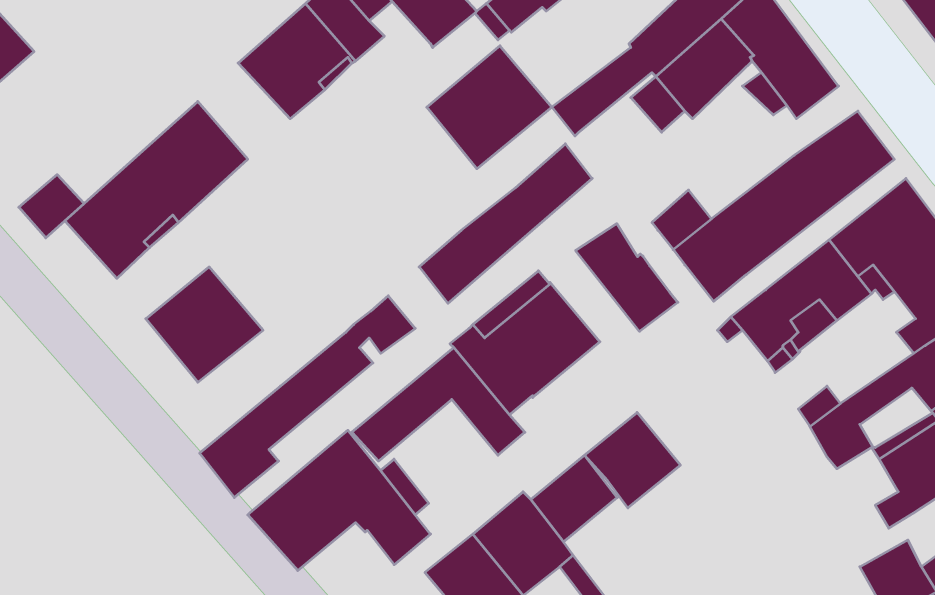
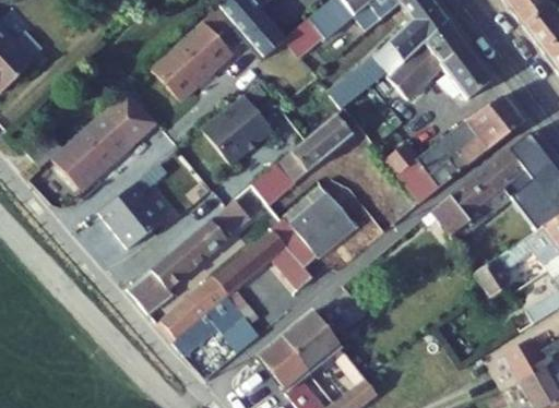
building: [427,46,552,169] -> [203,94,274,164]
building: [576,224,678,331] -> none
building: [585,412,680,508] -> none

